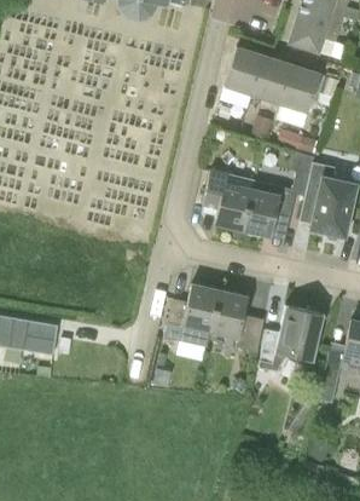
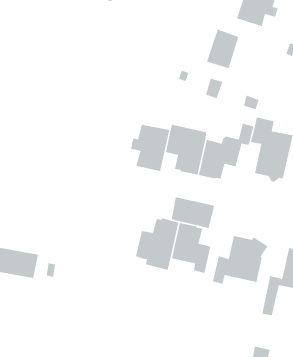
building: [226,47,267,96] -> none
building: [281,65,321,113] -> none
building: none -> [130,123,170,172]
building: none -> [171,197,215,229]

